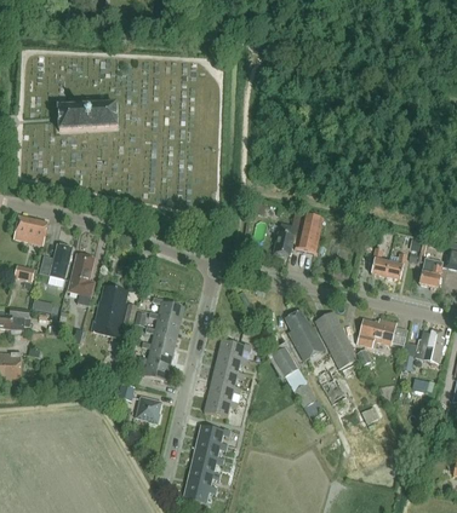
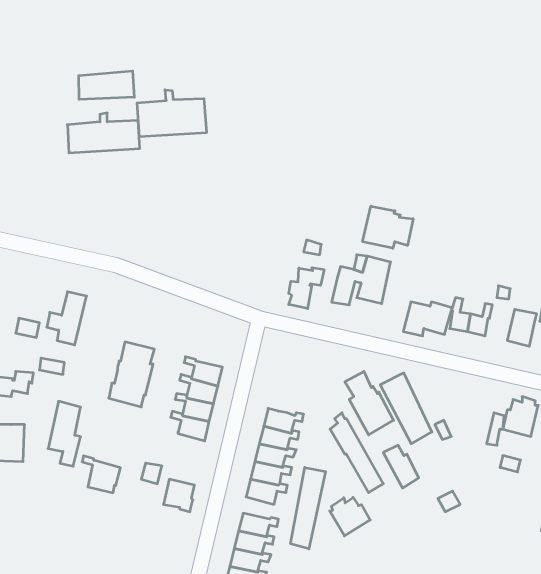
building: none -> [79,71,134,99]
building: none -> [137,90,206,137]
building: none -> [363,206,413,248]
building: [13,215,48,244] -> none
building: none -> [289,268,324,309]
building: [68,252,95,305] -> [48,401,81,466]
building: [356,318,396,346] -> [403,302,452,336]
building: [138,356,170,386] -> [82,456,120,493]
building: none -> [291,467,326,549]
building: none -> [330,497,370,536]

